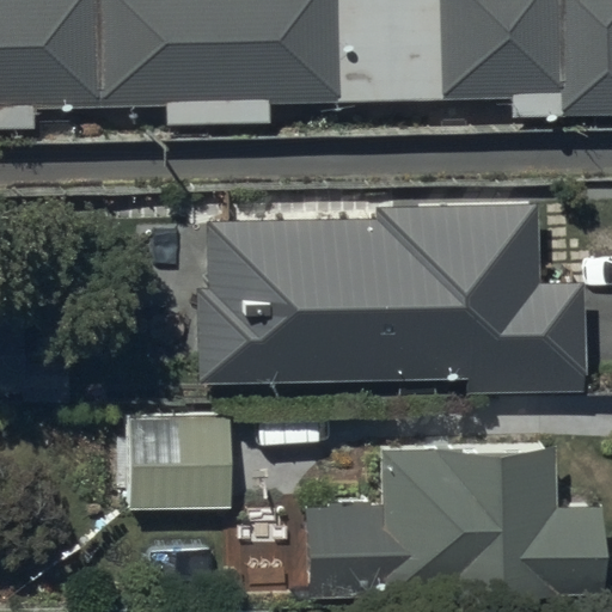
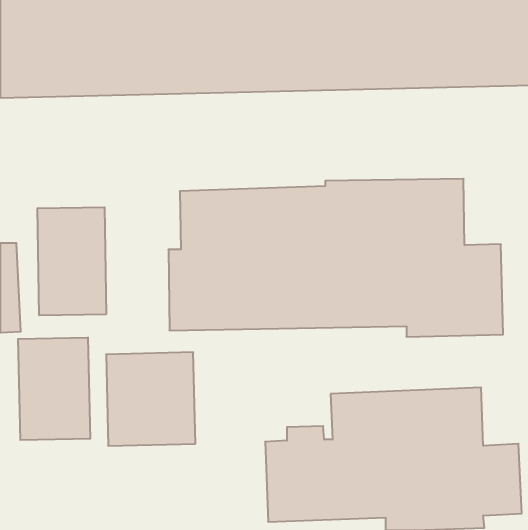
building: none -> [38,207,106,315]
building: none -> [18,337,90,440]

